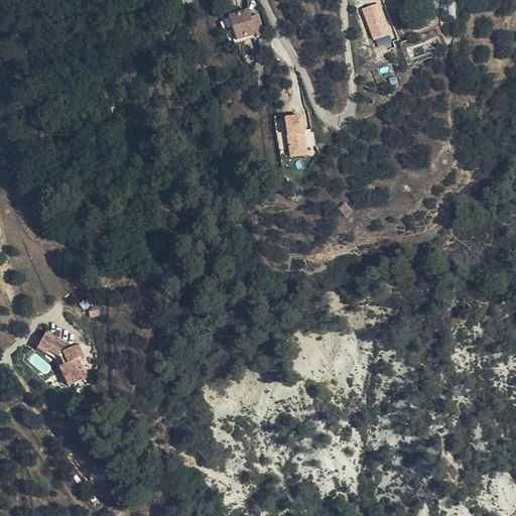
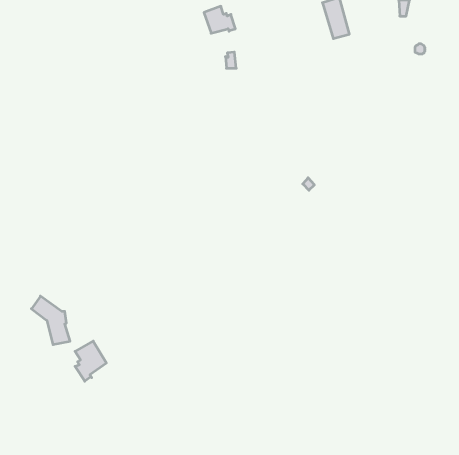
building: [285,109,307,153] -> none
building: none -> [75,341,106,381]

